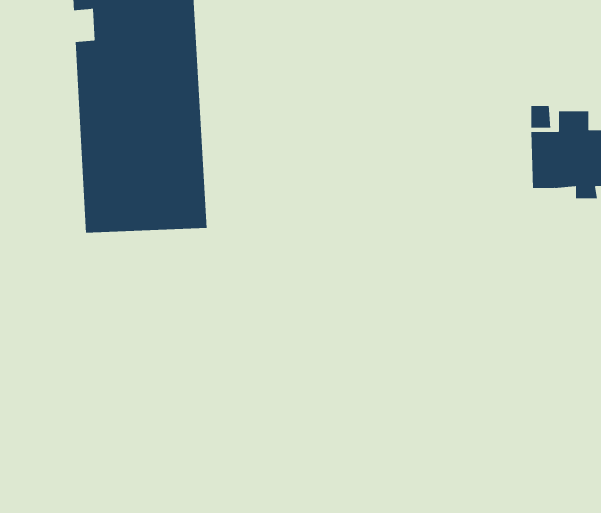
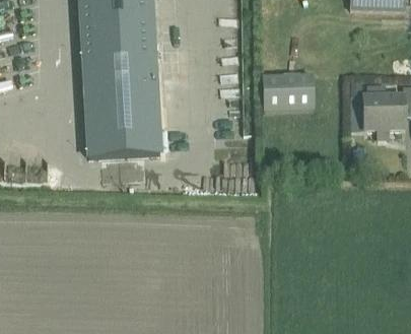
building: none -> [262,69,316,111]

